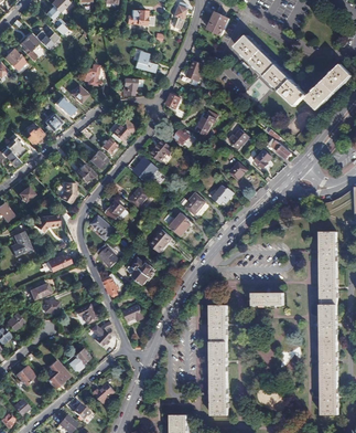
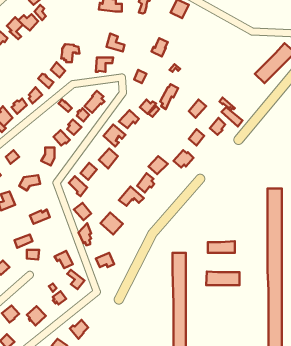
building: [236,35,306,106] -> none
building: none -> [206,272,240,285]

